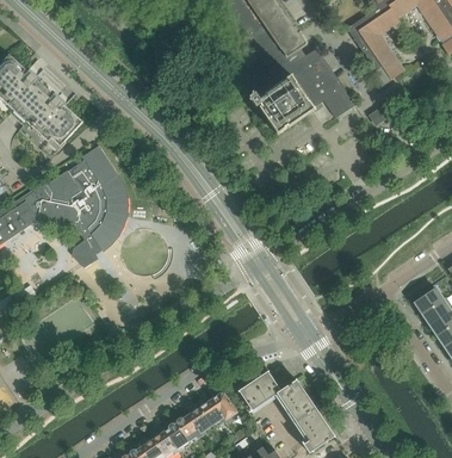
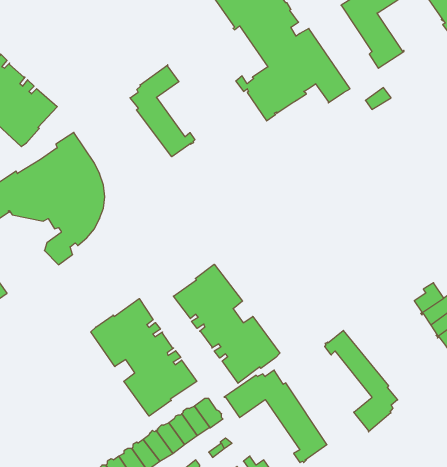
building: none -> [130,65,195,157]
building: none -> [173,264,280,383]
building: none -> [91,299,197,416]
building: none -> [325,330,398,432]

